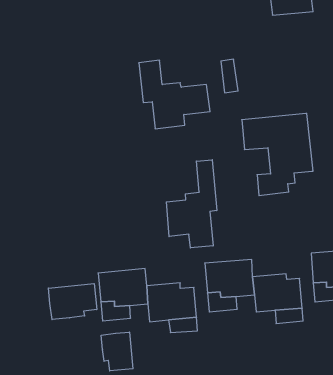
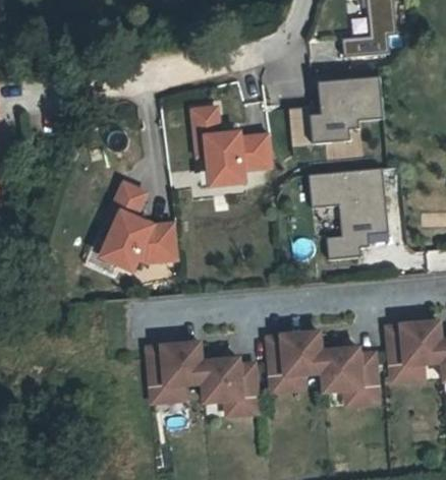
building: none -> [309,75,384,142]
building: none -> [102,182,179,269]
building: [166,160,217,248] -> none
building: [48,284,97,320] -> none
building: [101,332,133,371] -> none

